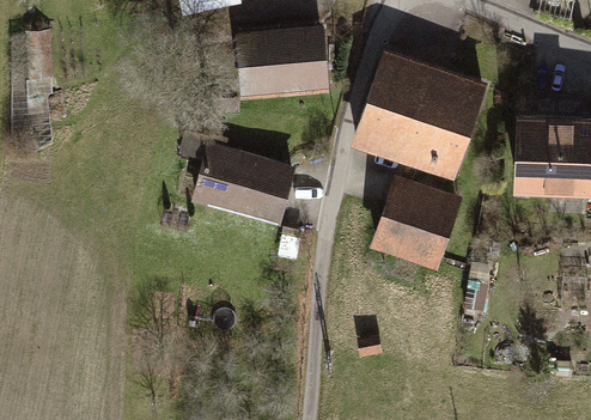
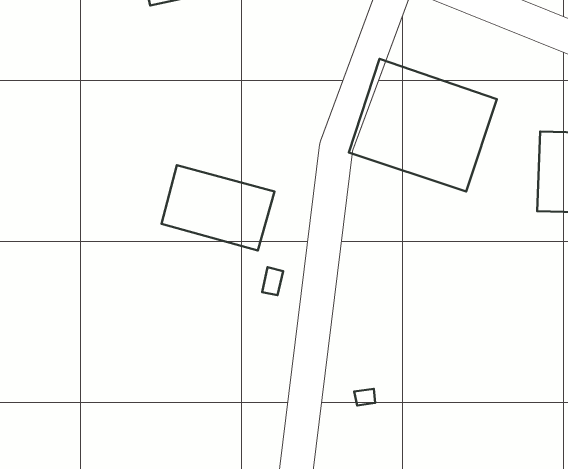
building: [240,36,323,95] -> none
building: [377,184,458,260] -> none

